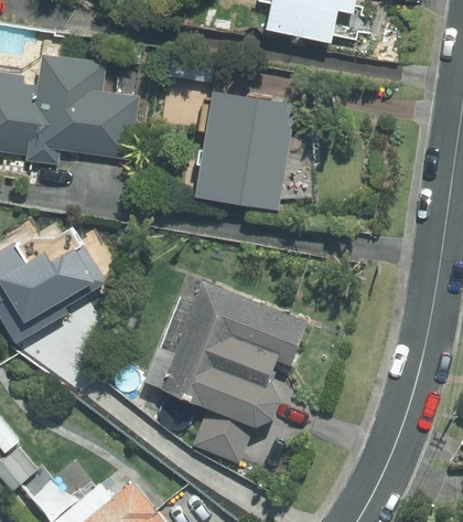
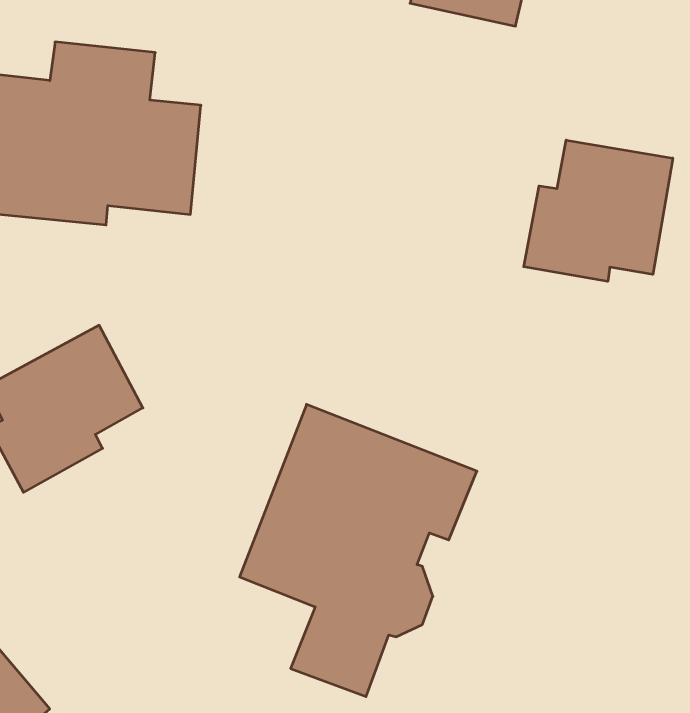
building: [194,90,295,210] -> none
building: none -> [524,140,673,281]

